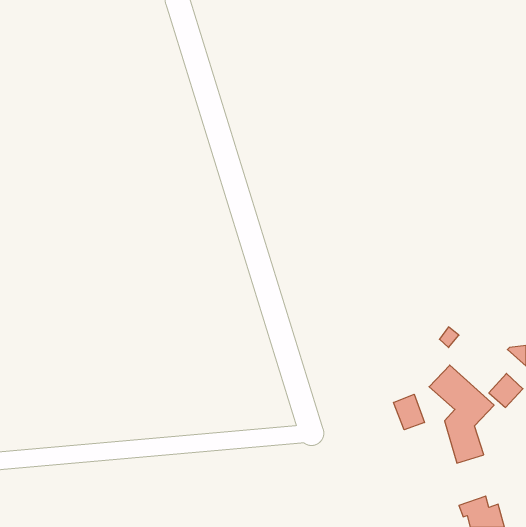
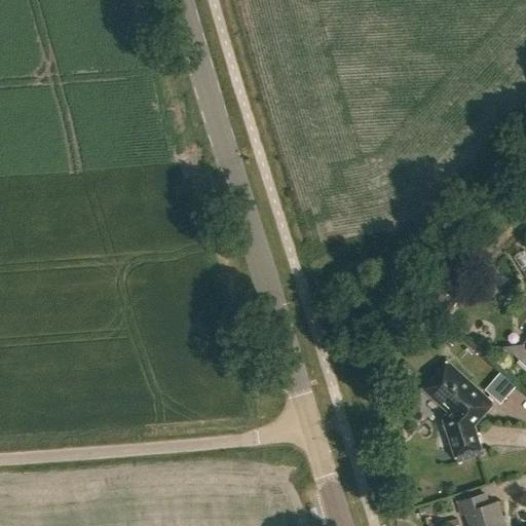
building: [394,394,424,430] -> none

